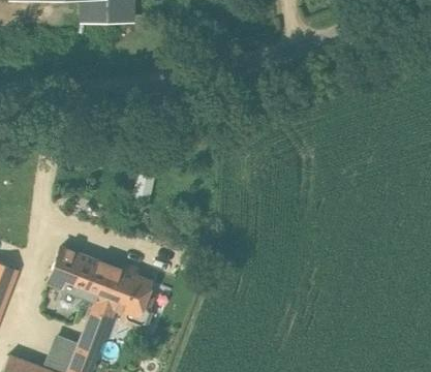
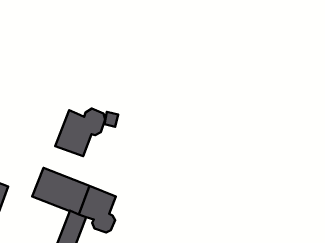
building: none -> [55,109,105,156]

